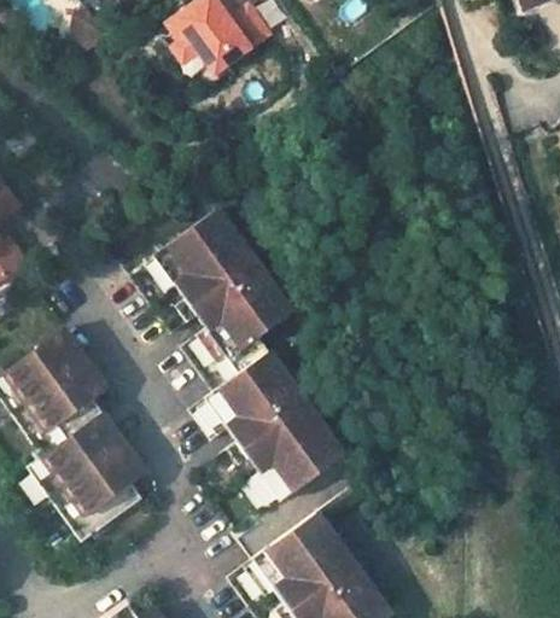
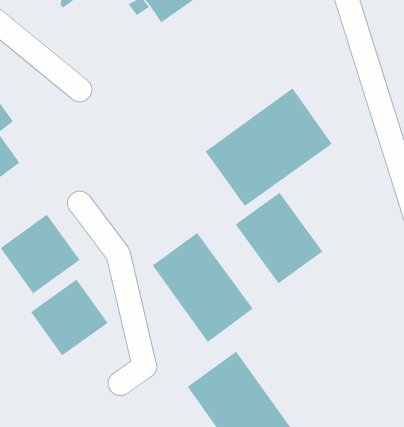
building: none -> [205,87,332,207]
building: [152,209,292,360] -> none
building: none -> [235,192,323,284]

